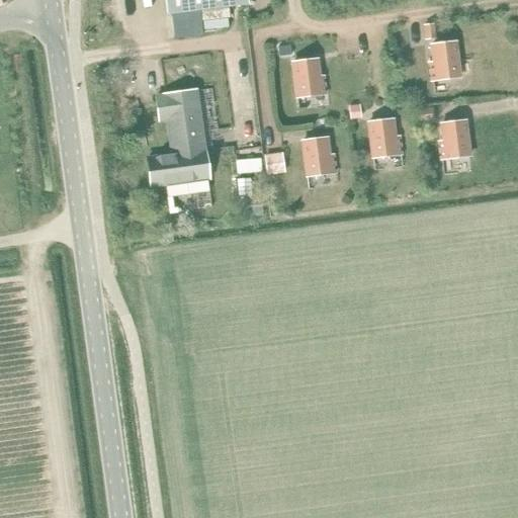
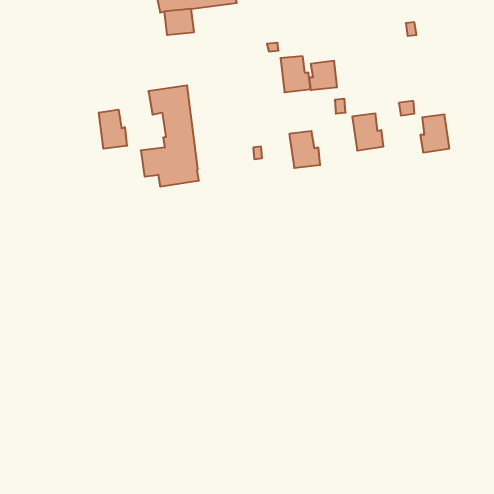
building: [431,40,460,80] -> none
building: none -> [309,61,337,90]
building: none -> [99,110,127,149]

